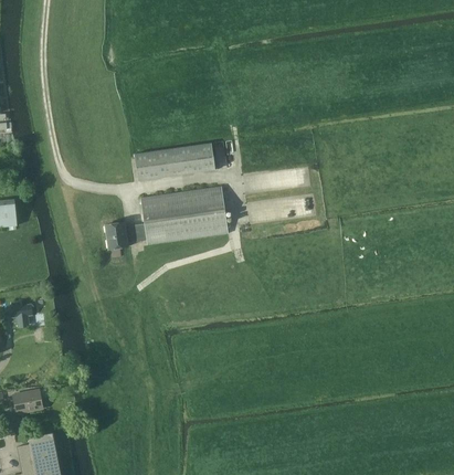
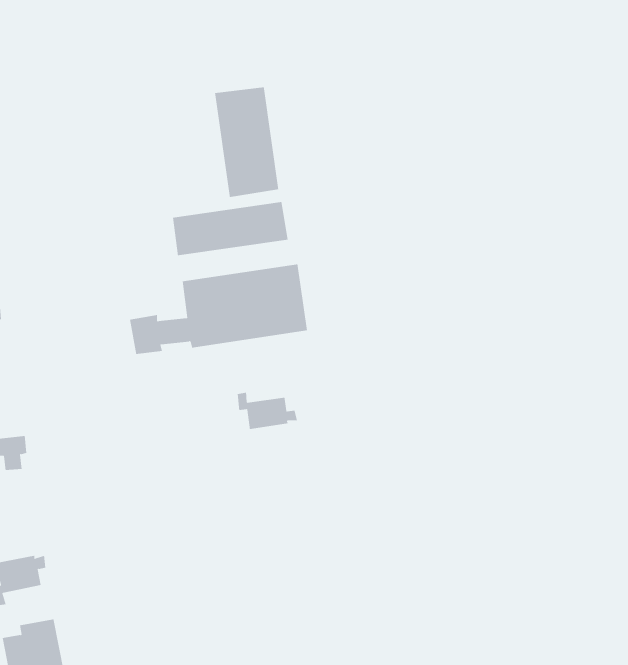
building: none -> [214,86,279,198]
building: none -> [237,392,297,430]

